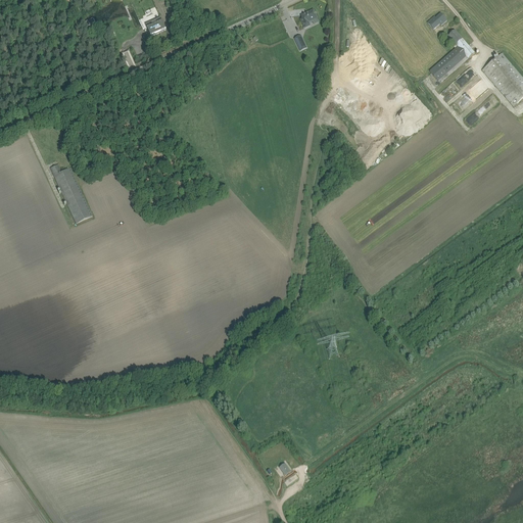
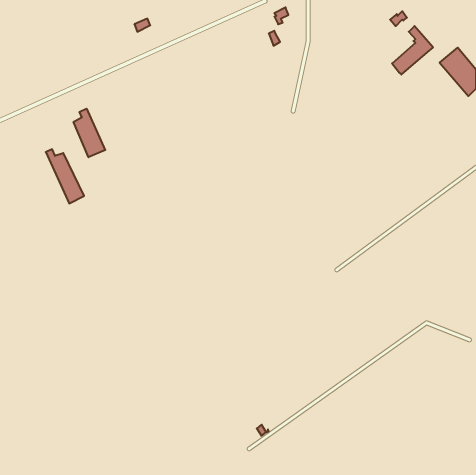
building: none -> [74,109,105,157]

